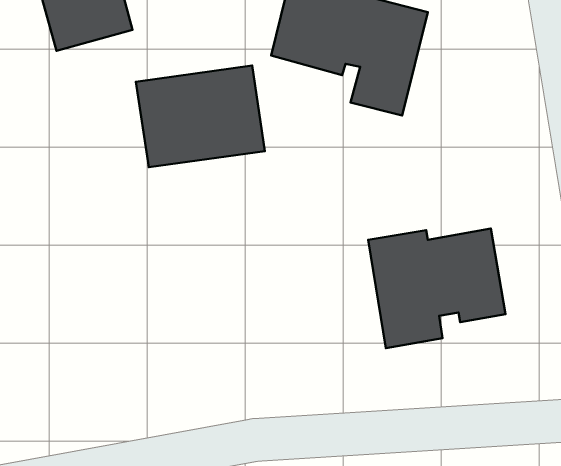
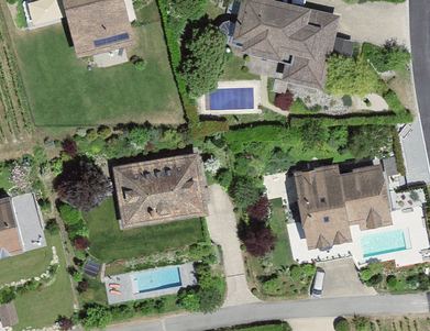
building: [136,66,265,167] -> [114,155,202,224]

